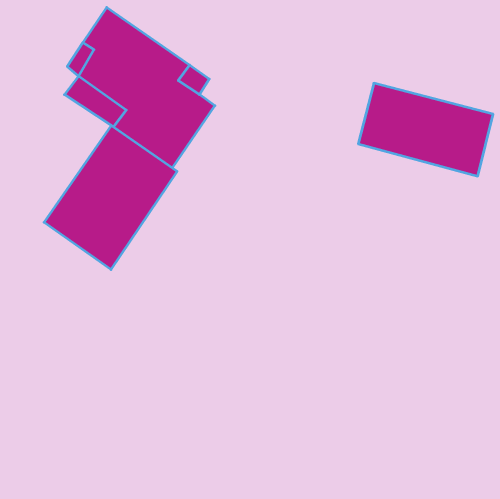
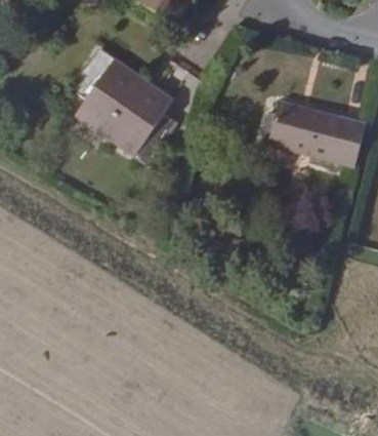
building: [44,125,177,270] -> none

